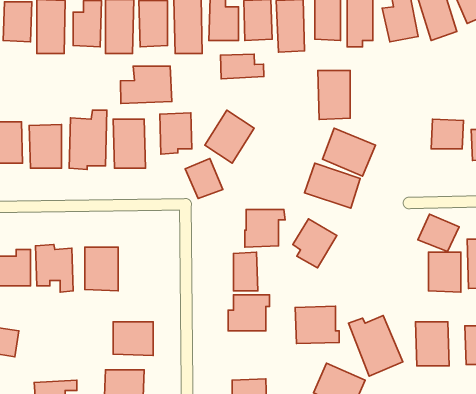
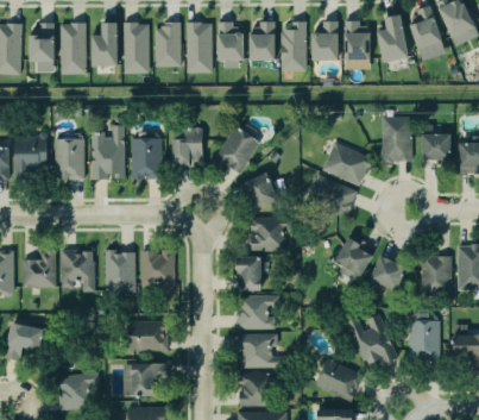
building: [220,54,264,79] -> none
building: [120,66,172,103] -> none
building: [318,70,350,120] -> [382,117,411,162]
building: [185,158,223,198] -> [246,173,281,209]
building: [418,214,459,252] -> [371,256,409,290]
building: [293,219,337,268] -> [336,237,377,282]
building: none -> [140,251,176,290]
building: [295,306,339,344] -> [239,333,279,368]

